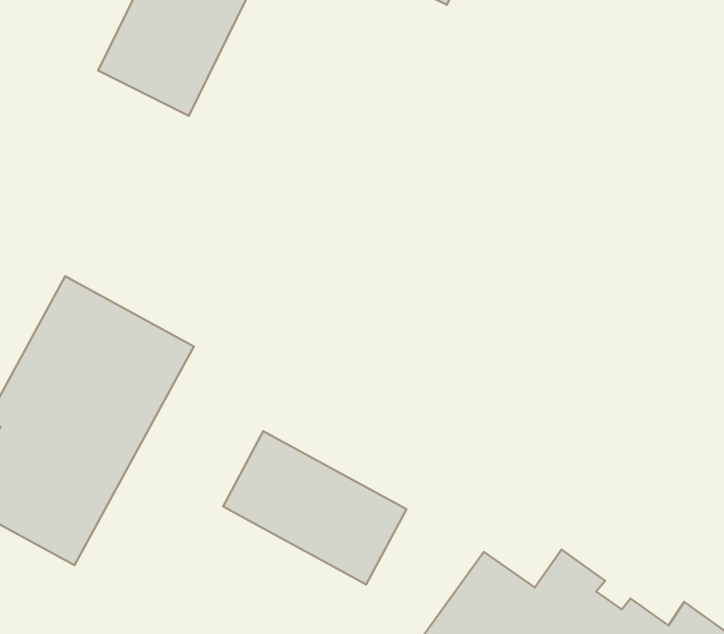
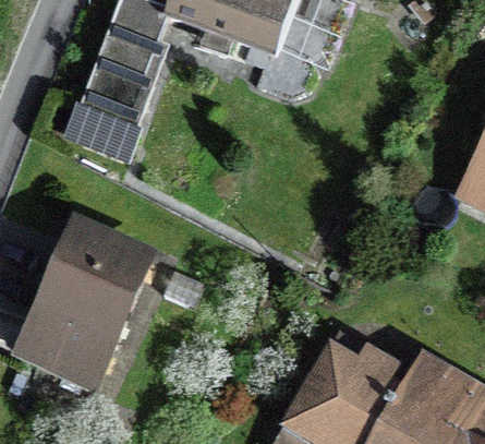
building: [223,431,406,584] -> none

